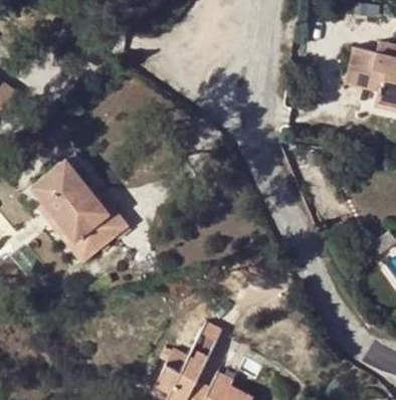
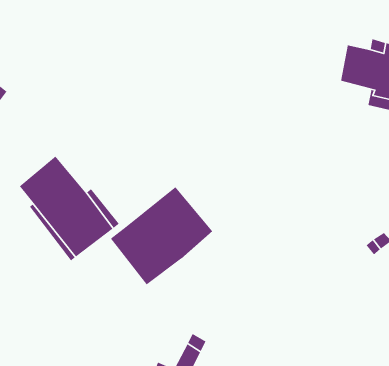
building: none -> [110,186,213,286]

